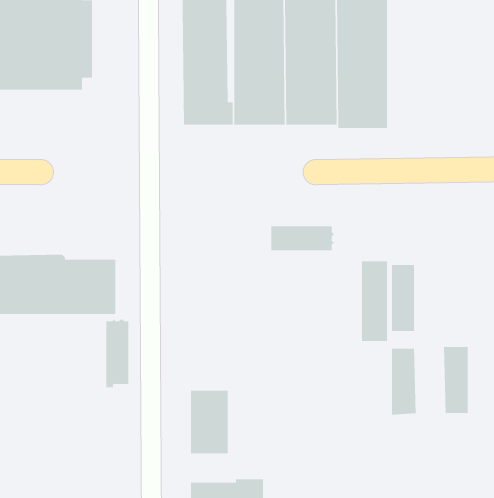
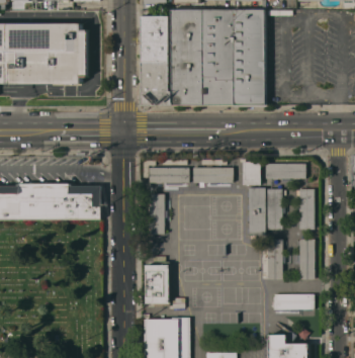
building: none -> [243,162,260,185]
building: none -> [265,164,305,179]
building: none -> [150,167,188,182]
building: none -> [298,189,314,230]
building: [106,319,129,388] -> [151,188,165,230]
building: none -> [274,293,315,308]

